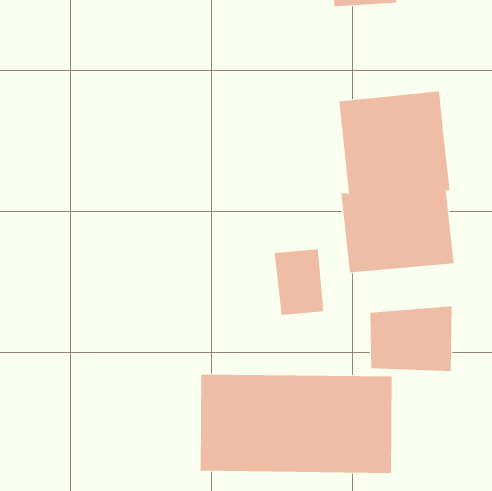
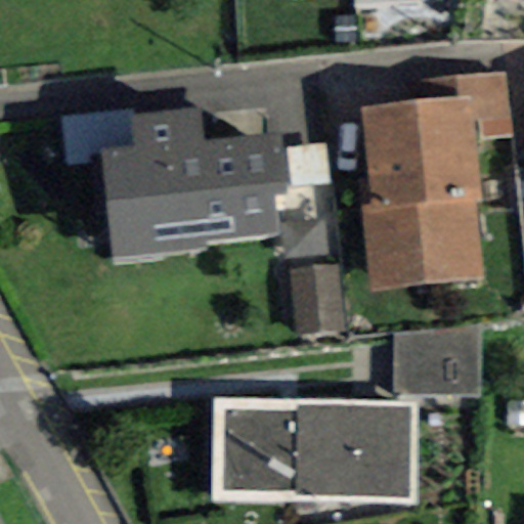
building: none -> [418,71,513,140]
building: none -> [99,107,287,257]

